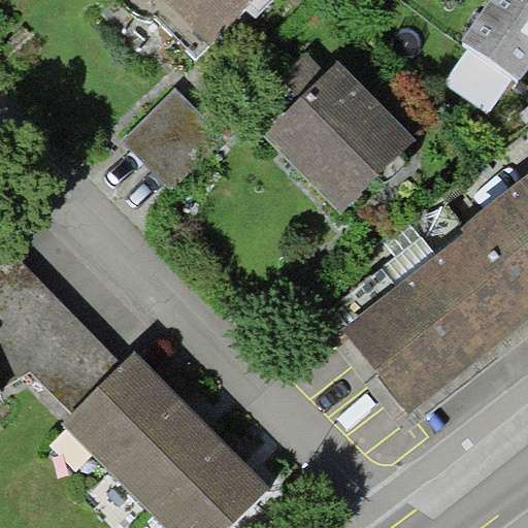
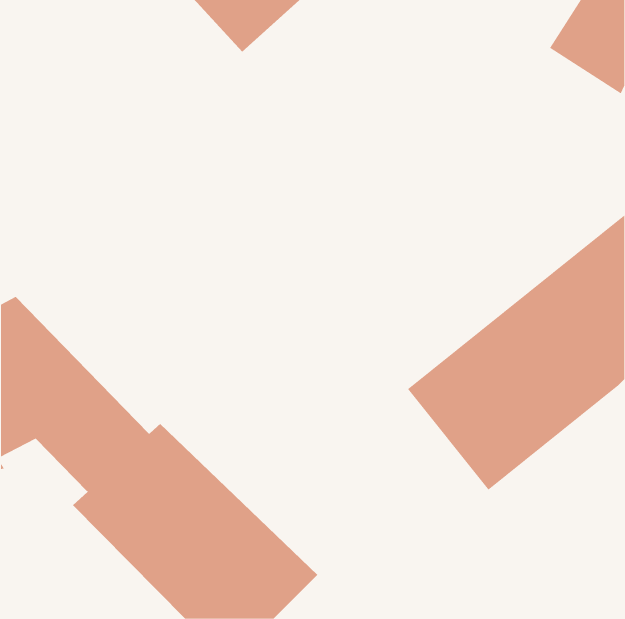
building: [262,53,418,219] -> none
building: [124,86,223,186] -> none

